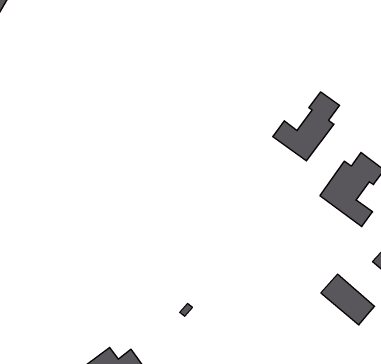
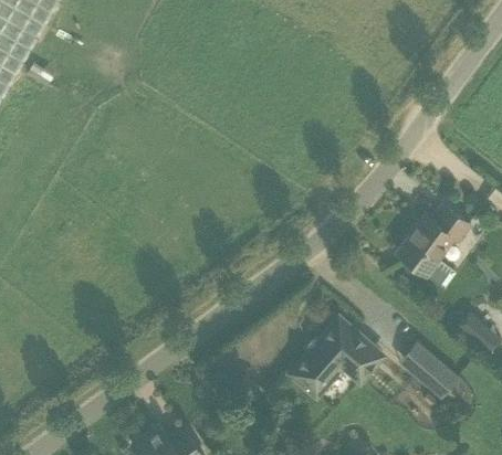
building: [273,92,340,161] -> none
building: none -> [291,317,380,392]

